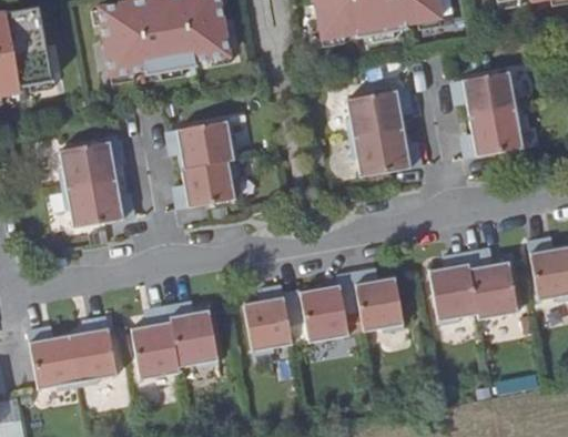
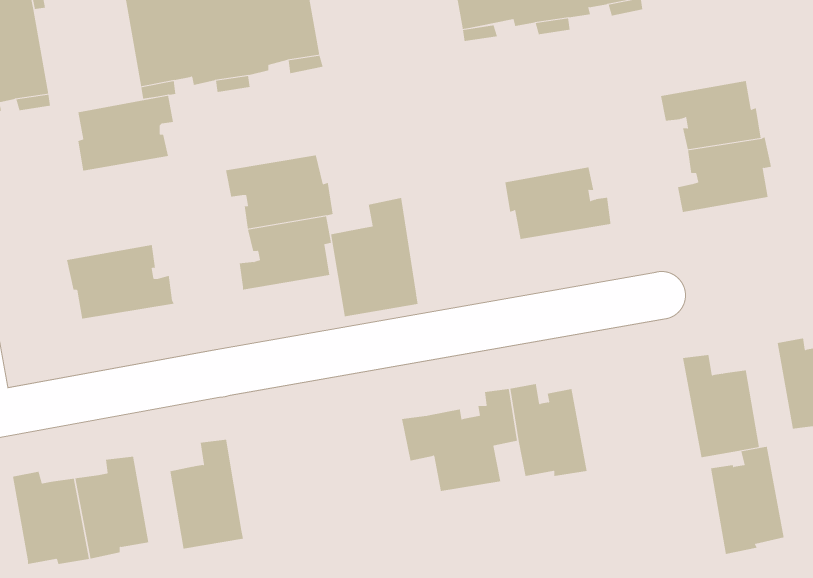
building: [347,89,410,138] -> none
building: [60,139,123,189] -> [77,95,174,171]
building: none -> [330,197,418,317]
building: [429,253,478,324] -> [710,446,784,554]
building: [243,285,292,353] -> none
building: [169,303,219,366] -> none

